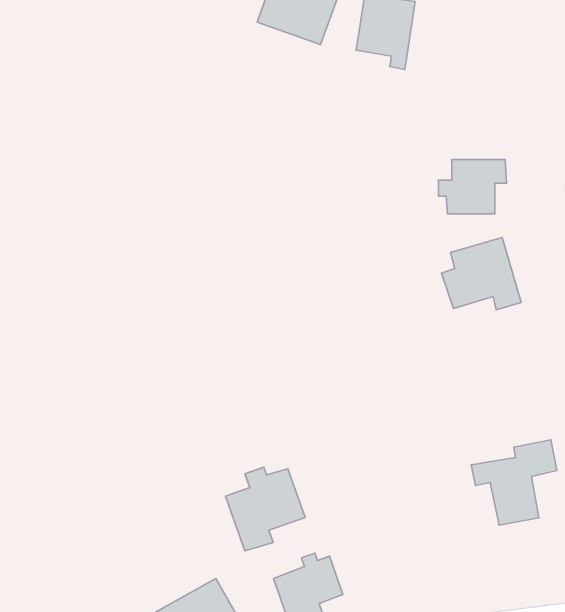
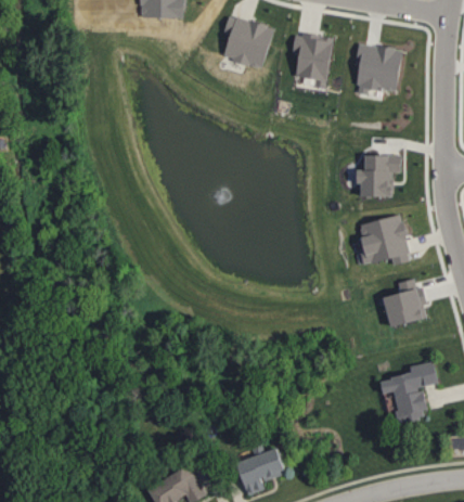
building: none -> [355,44,408,94]
building: none -> [379,279,429,327]
building: [225,467,305,551] -> none

